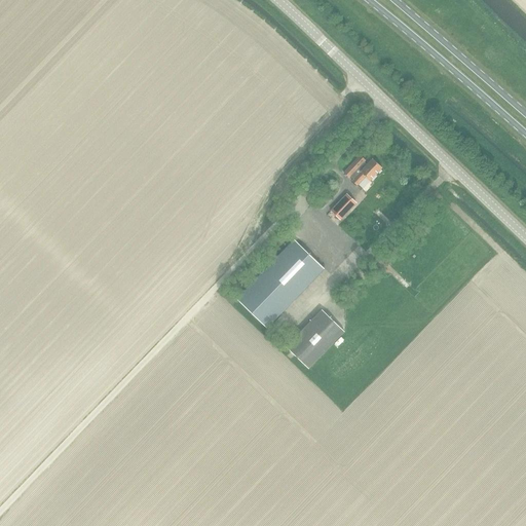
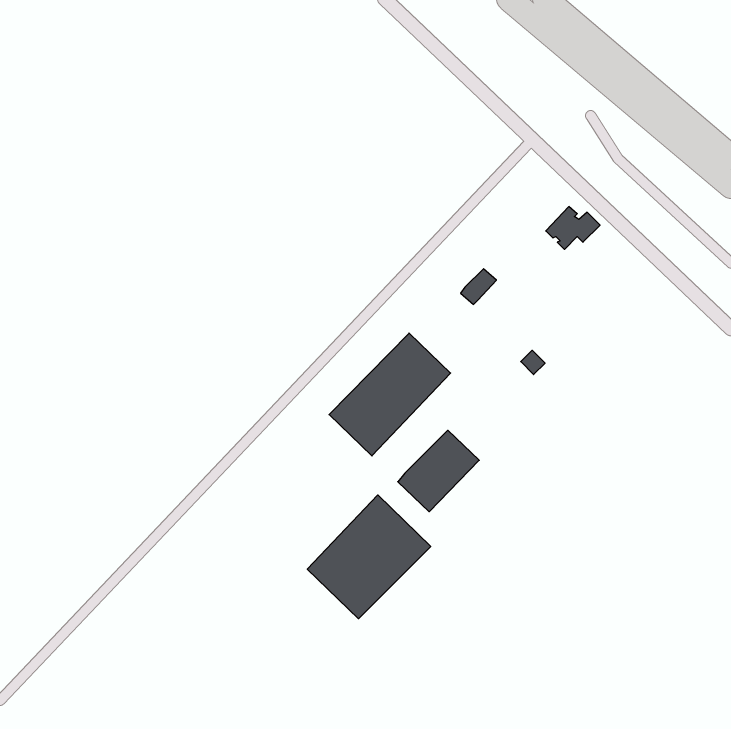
building: [343,154,382,185] -> [546,207,600,249]
building: none -> [307,495,431,619]

